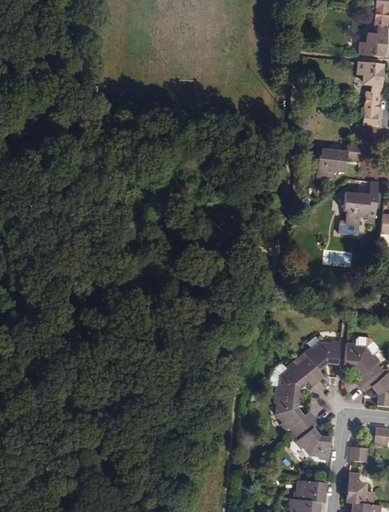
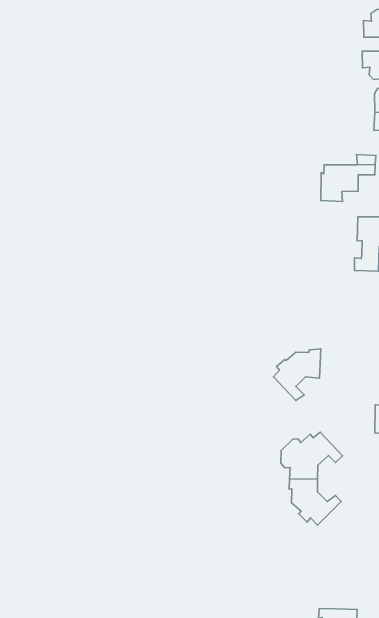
building: [301,341,340,380] -> [274,349,321,400]
building: [293,416,330,459] -> none
building: [293,480,326,502] -> none

